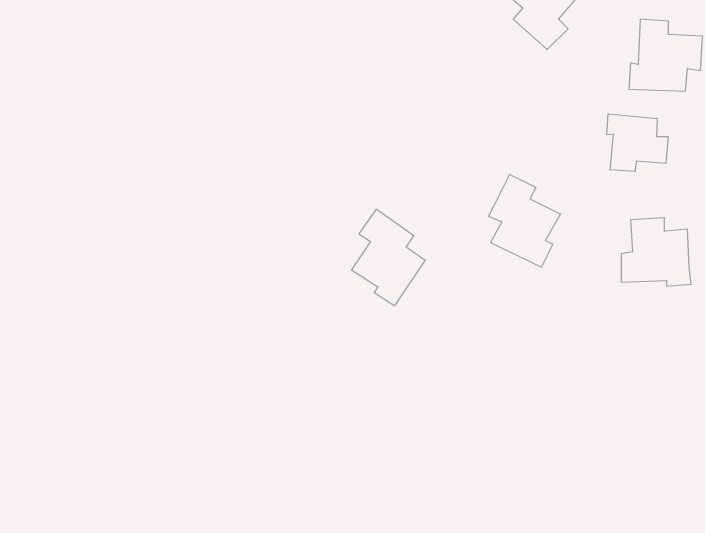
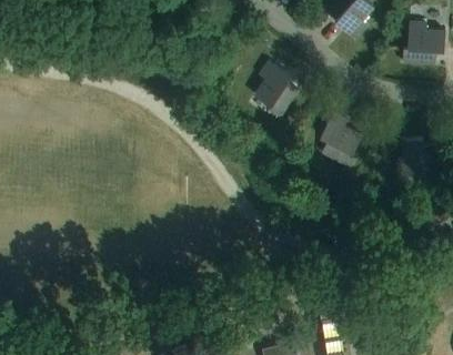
building: [607,114,668,172] -> none
building: [351,209,425,306] -> [254,60,298,116]

